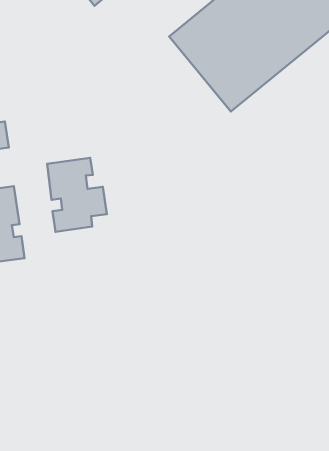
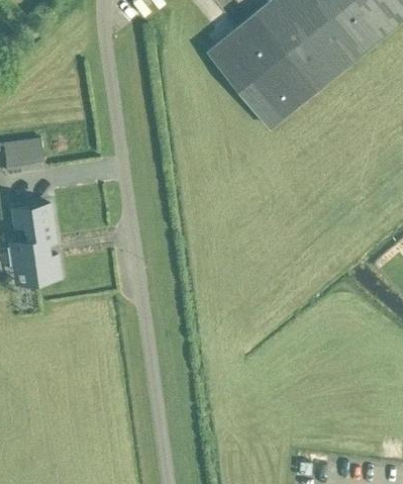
building: [47,158,107,232] -> none

